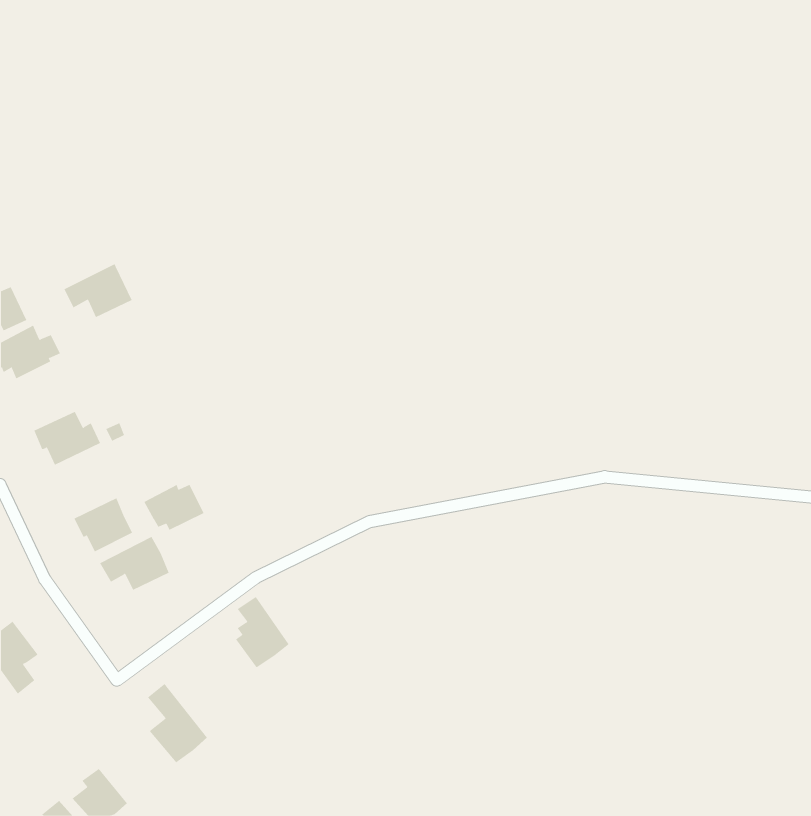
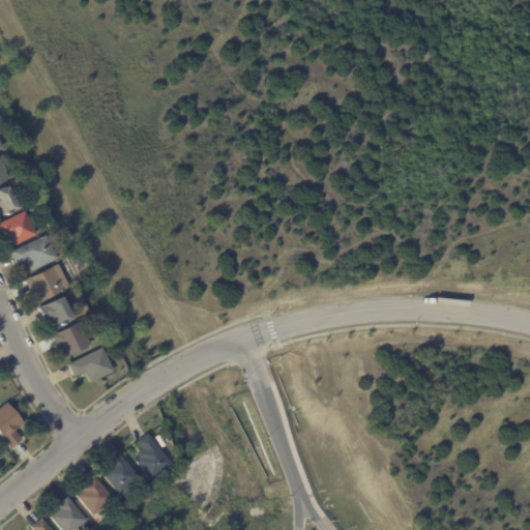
building: [64,263,132,318] -> [13,235,58,270]
building: [144,484,204,531] -> [37,296,77,326]
building: [235,596,290,668] -> [136,433,171,479]
building: none -> [79,475,114,514]

